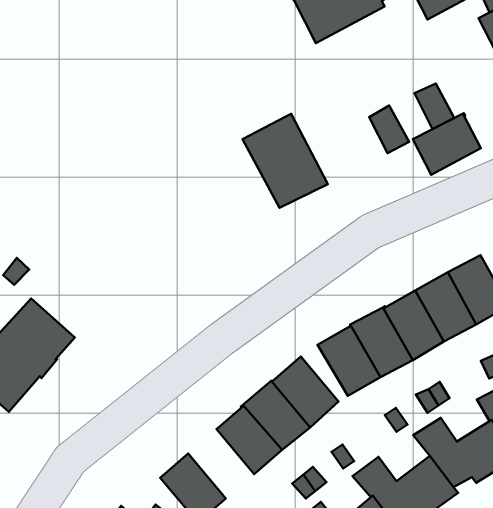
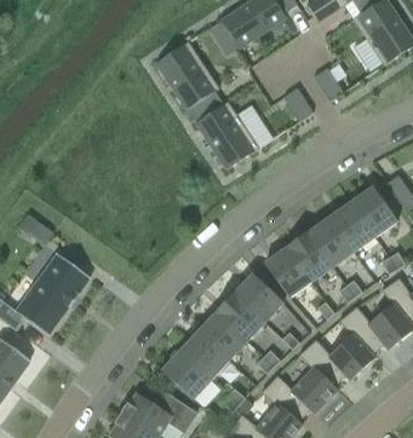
building: none -> [156,41,224,122]
building: [413,113,481,175] -> none
building: none -> [180,330,229,379]

